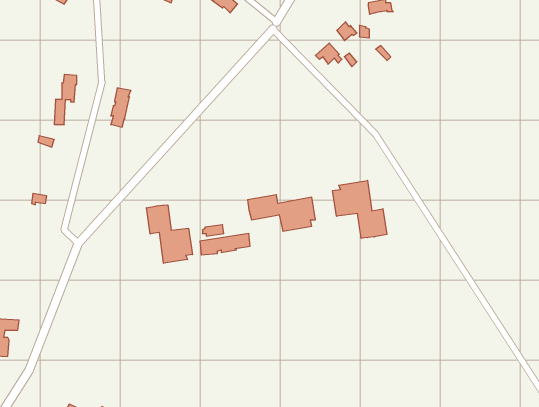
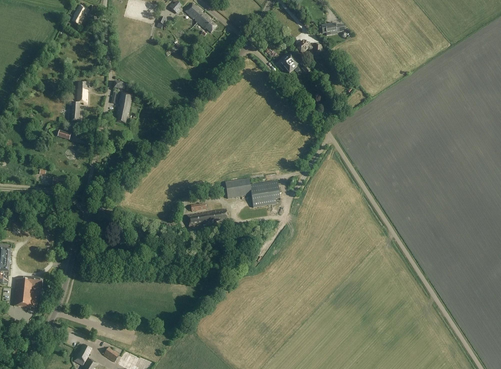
building: [333,180,387,238] -> none
building: [146,205,192,263] -> none

